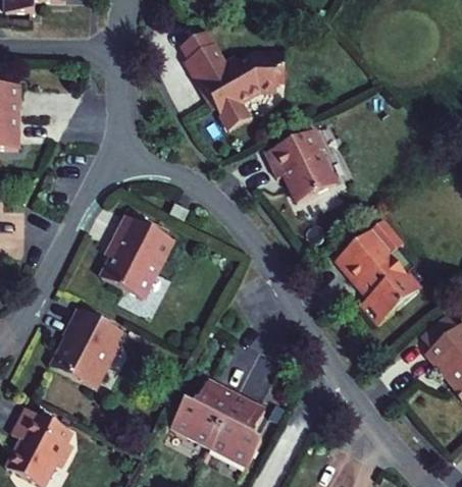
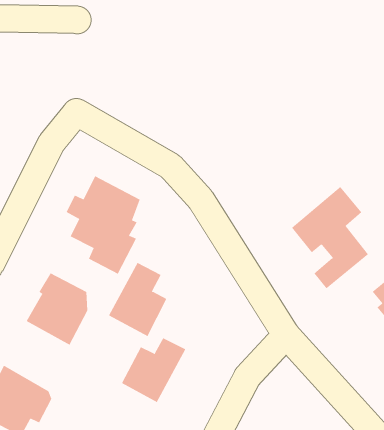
building: [176,33,297,126] -> none
building: [261,126,332,200] -> none
building: [192,391,254,470] -> [108,262,167,337]

